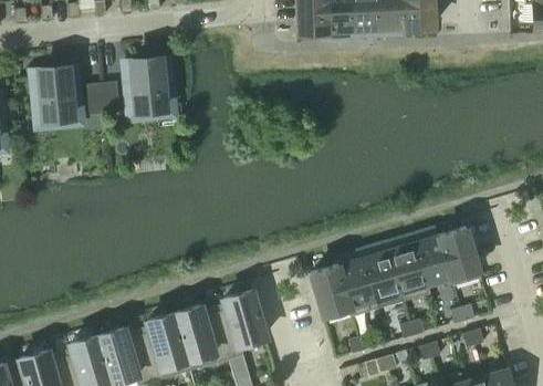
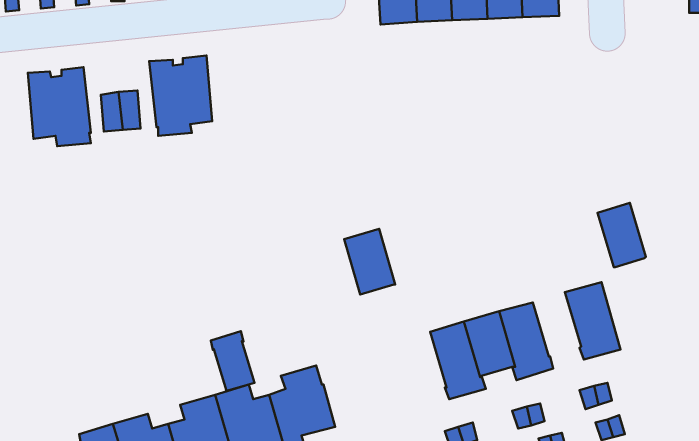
building: [415,236,451,284] -> [598,203,646,267]
building: none -> [211,331,255,391]
building: [311,265,349,315] -> [344,229,395,295]

